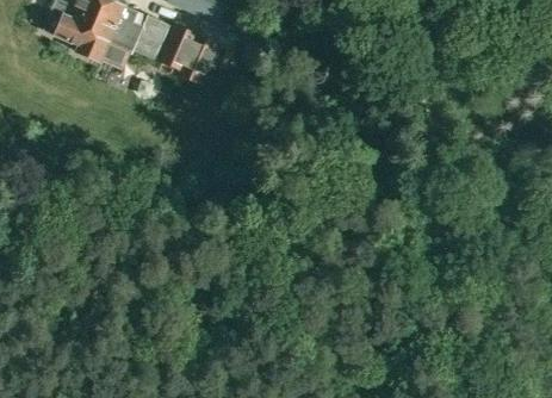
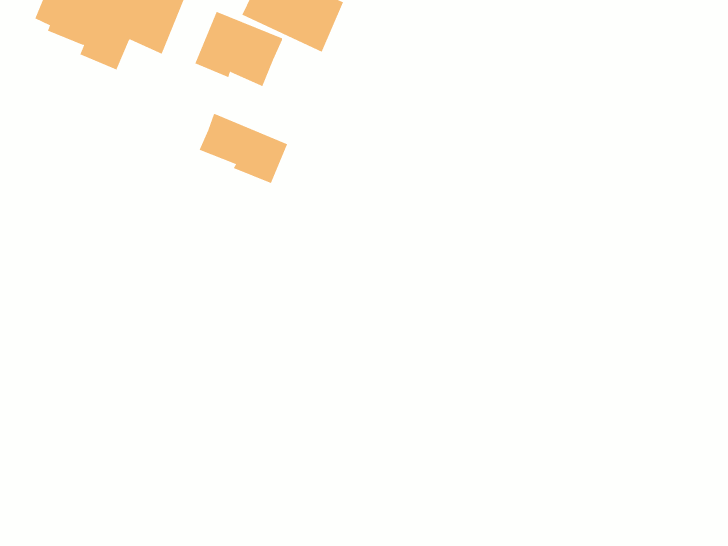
building: none -> [199,113,288,184]

